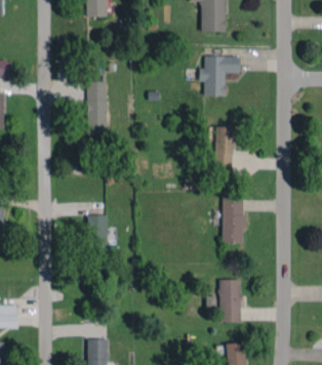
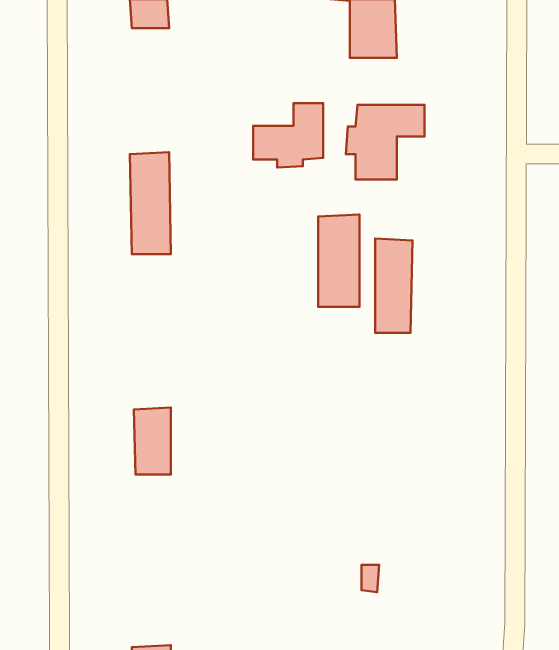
building: none -> [253,103,323,168]
building: [223,195,244,243] -> [318,214,359,307]
building: [219,279,241,322] -> none

